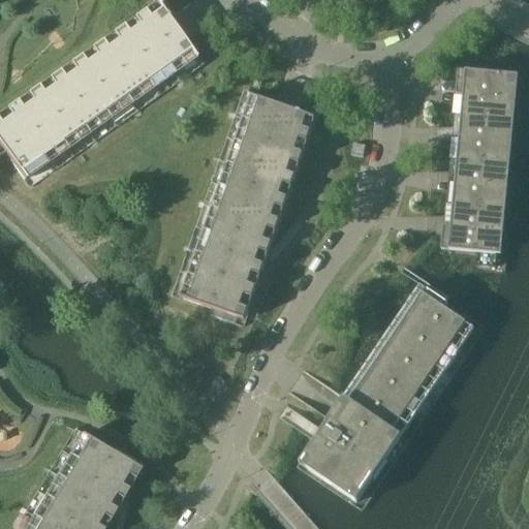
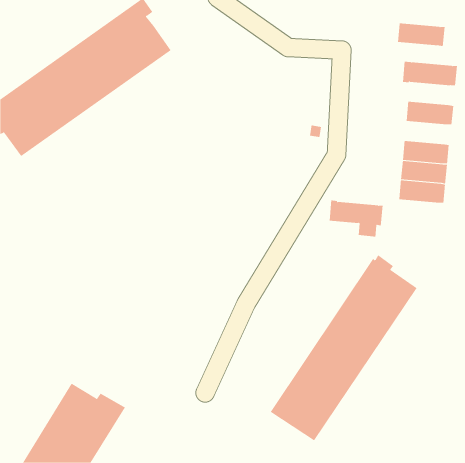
building: [462,93,517,120] -> [397,23,445,47]
building: [180,95,317,325] -> none
building: [458,137,512,164] -> none
building: [441,224,503,267] -> [329,200,383,237]

